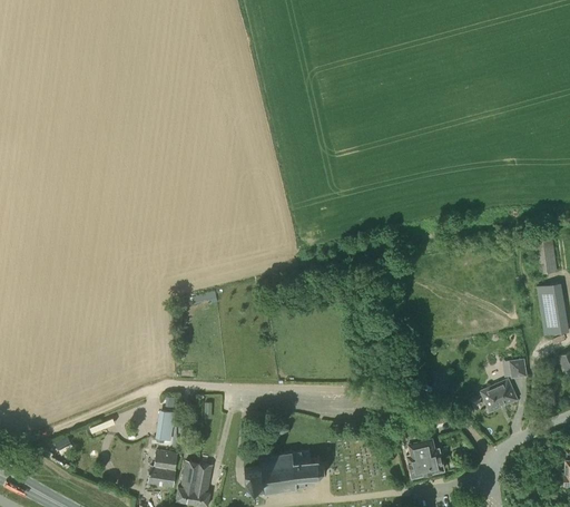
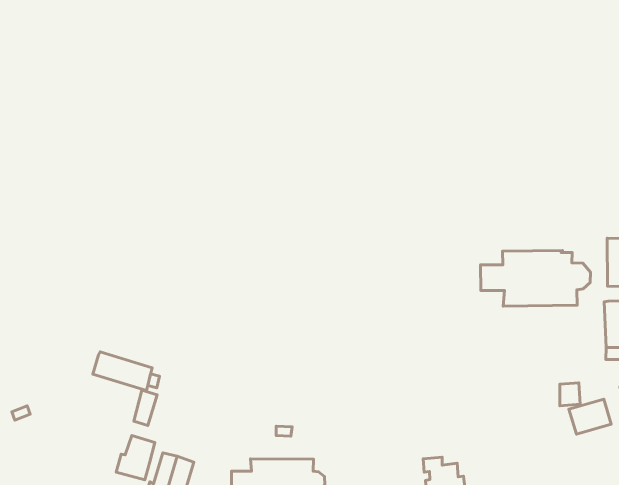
building: none -> [481,251,590,306]
building: [481,379,518,411] -> [569,399,611,434]
building: none -> [93,352,152,391]

